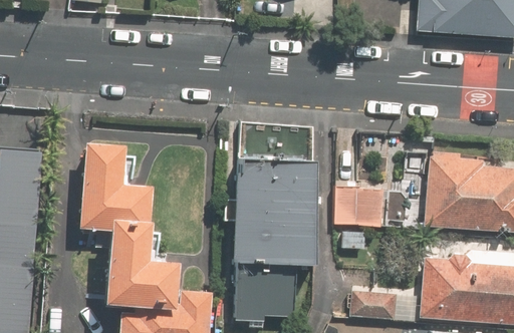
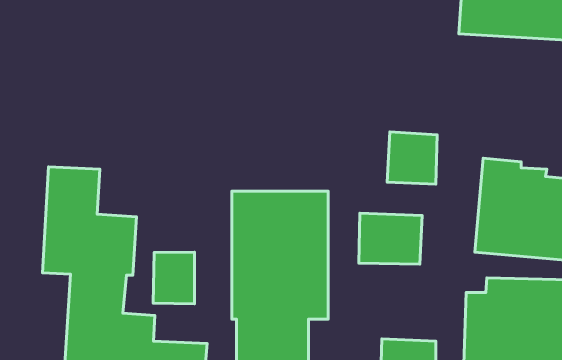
building: none -> [387,132,437,184]
building: none -> [153,252,195,304]

